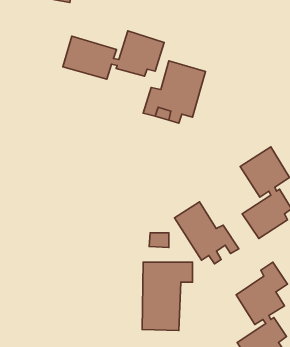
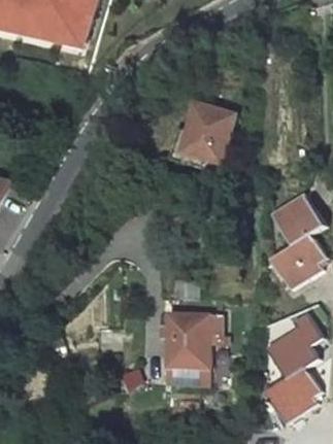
building: [63,31,164,79] -> none
building: [175,202,239,264] -> none

